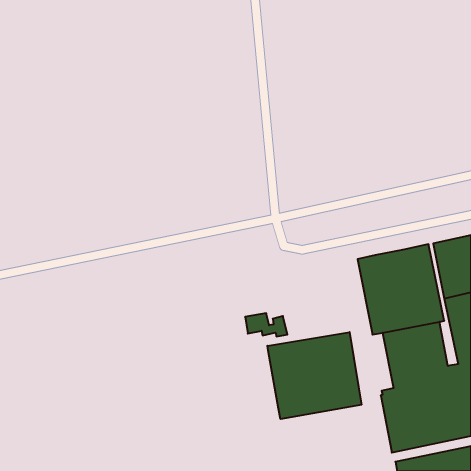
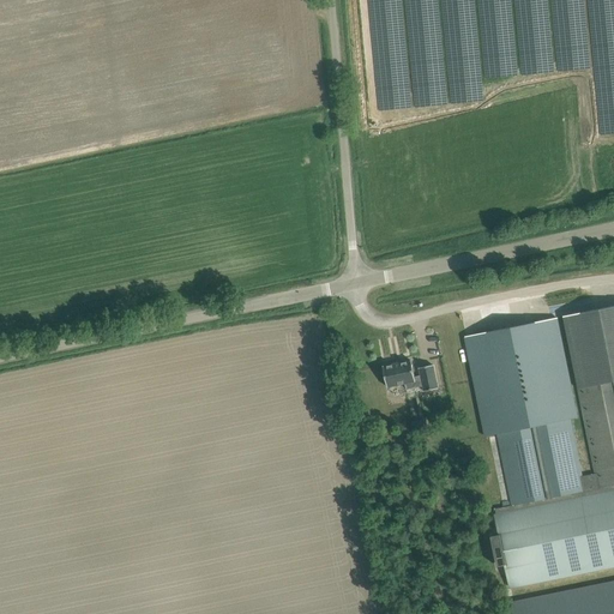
building: [245,313,287,336] -> [384,361,439,391]
building: [267,332,361,419] -> none

